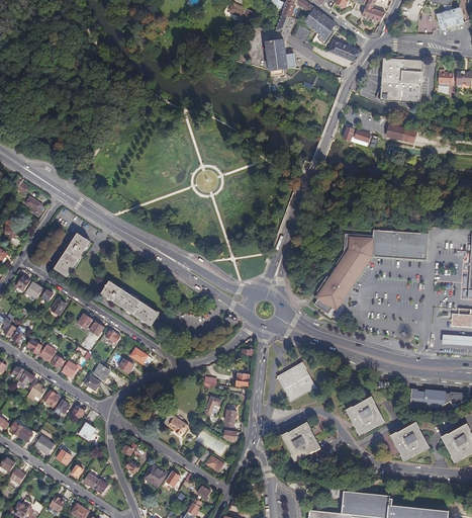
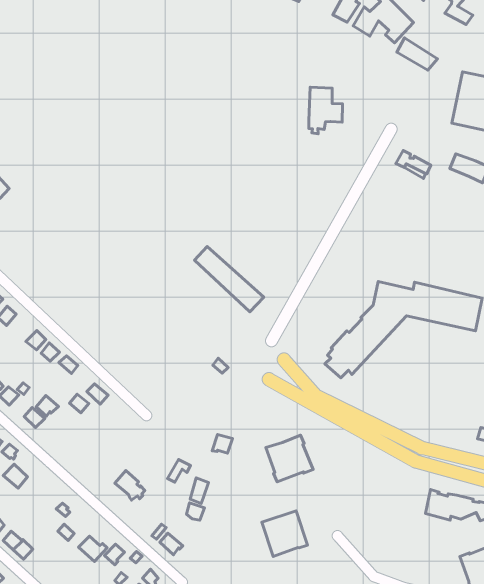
building: [266,40,295,78] -> [309,87,343,134]
building: [55,233,90,276] -> none
building: [101,280,160,326] -> [195,247,264,312]
building: [347,397,385,435] -> none
building: [391,422,430,460] -> none

